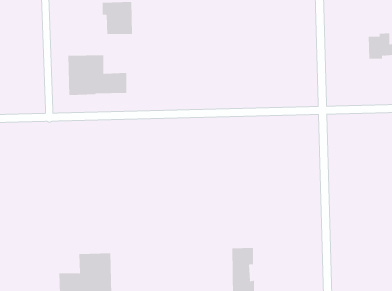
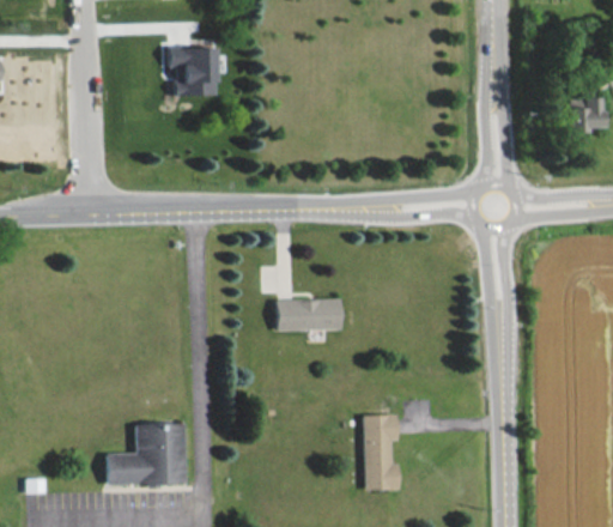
building: [68,54,127,96] -> none
building: none -> [275,299,341,331]

